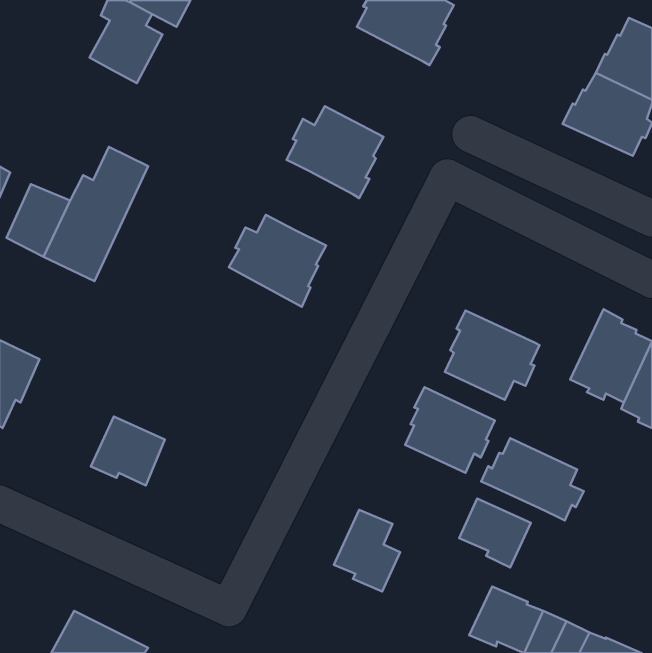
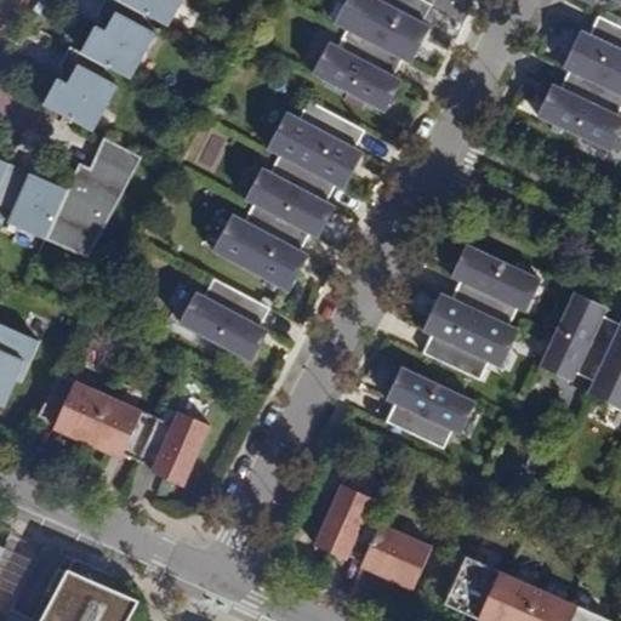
building: none -> [317,29,401,112]
building: none -> [47,46,116,131]
building: none -> [250,155,335,237]
building: none -> [450,244,535,325]
building: none -> [184,279,269,361]
building: none -> [38,375,108,443]
building: none -> [138,410,209,486]
building: [481,438,584,520] -> none
building: [459,498,531,567] -> [363,524,431,589]

